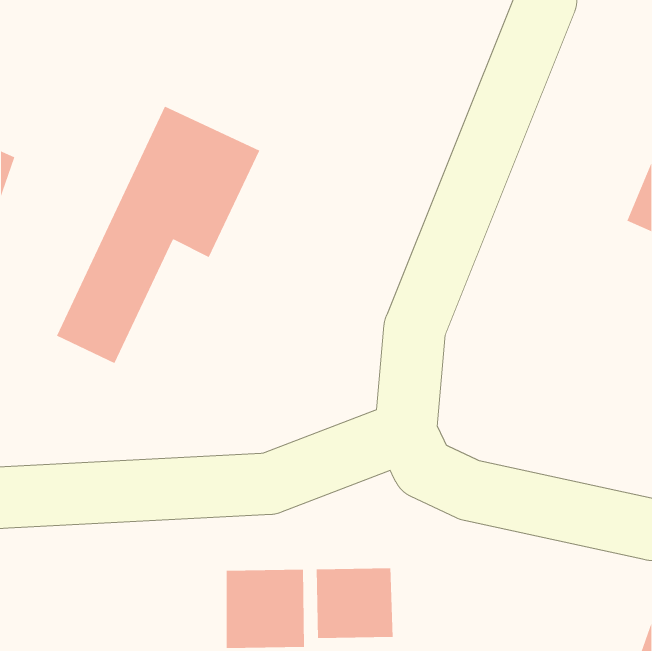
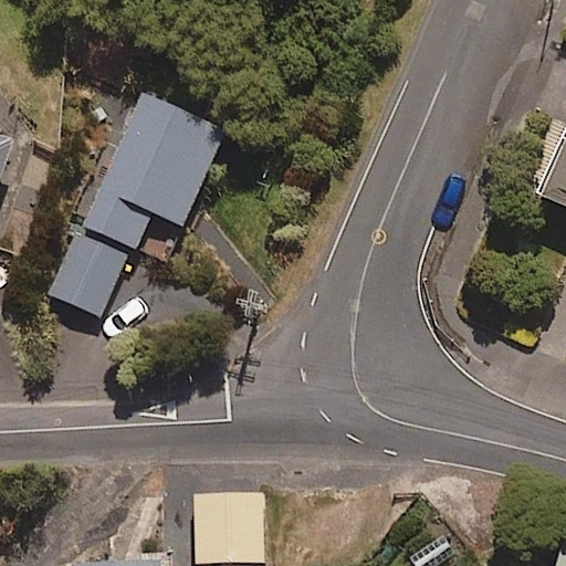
building: [316,567,393,639] -> none

